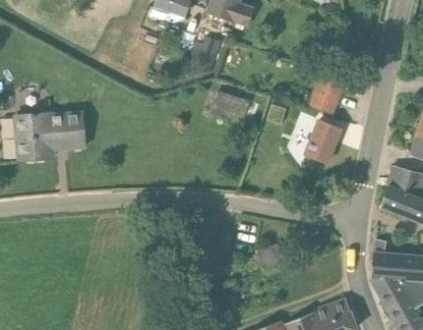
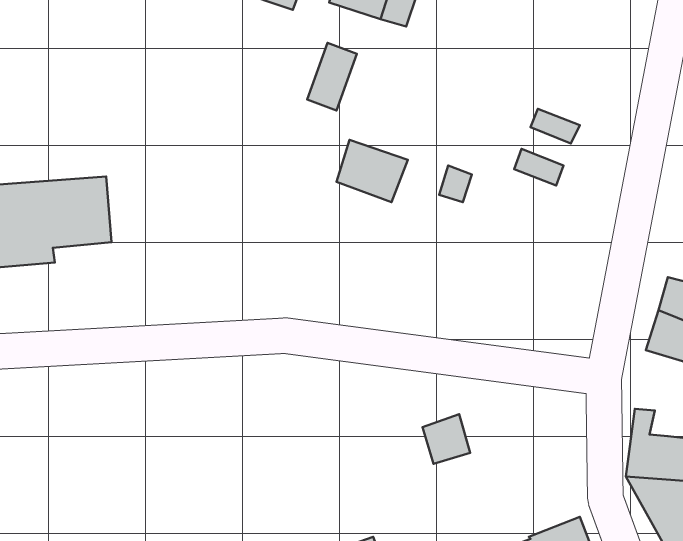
building: [306,116,341,160] -> none

